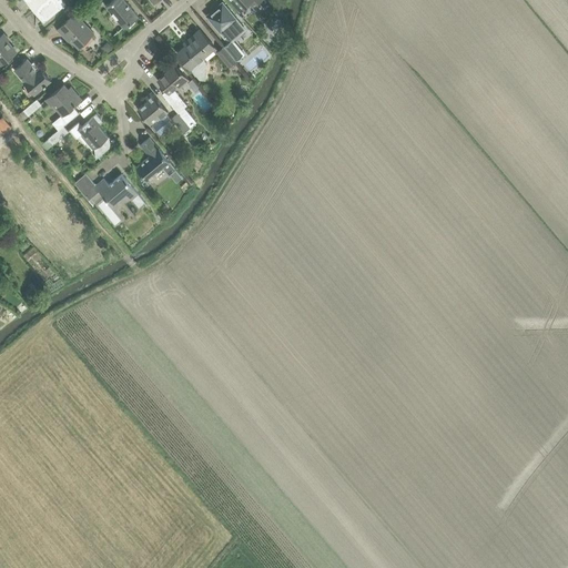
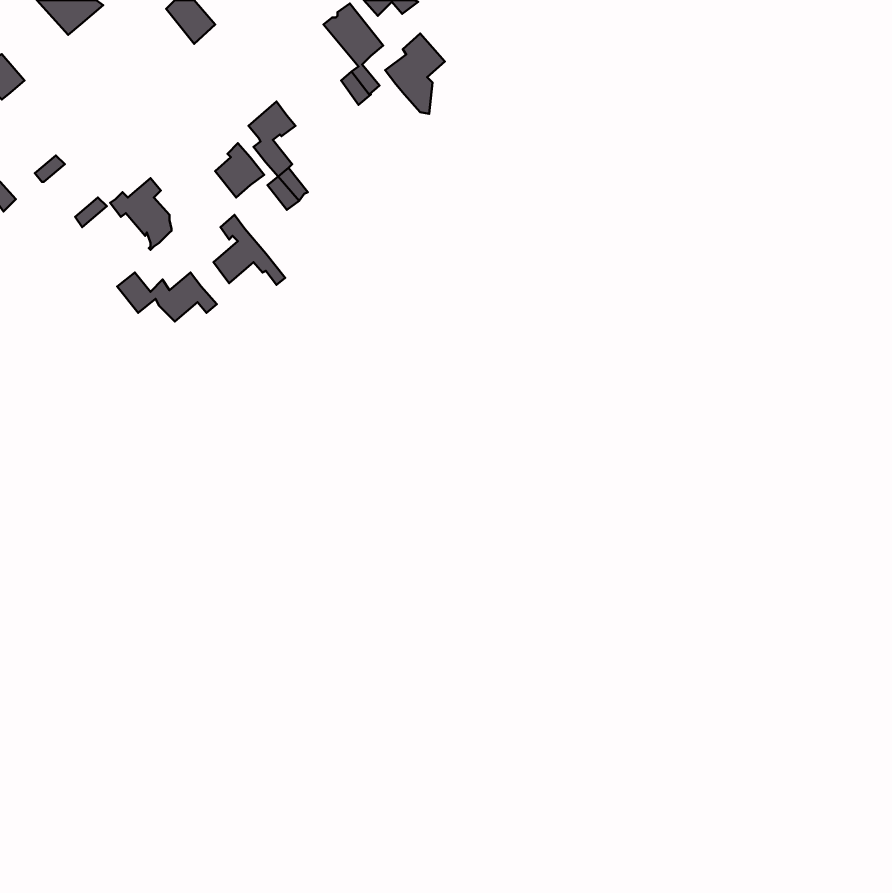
building: [57,10,92,47] -> none
building: [176,29,214,80] -> [385,33,445,114]
building: [13,59,49,93] -> none
building: [45,84,80,123] -> none

